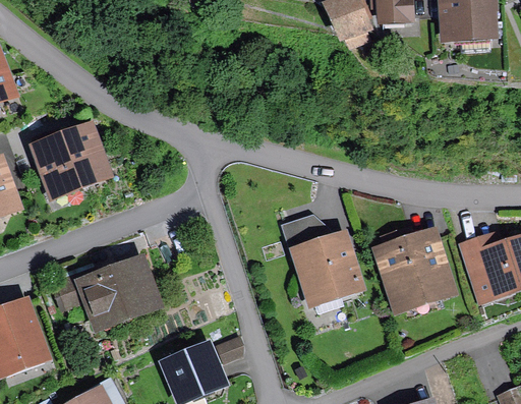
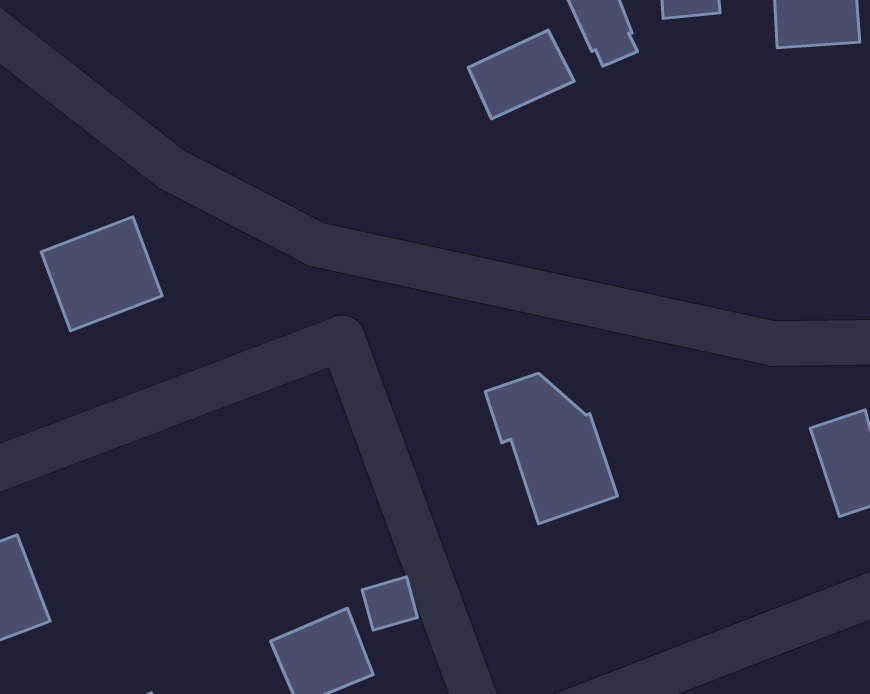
building: none -> [468,30,574,119]
building: [385,240,446,303] -> none
building: [59,266,151,322] -> none

